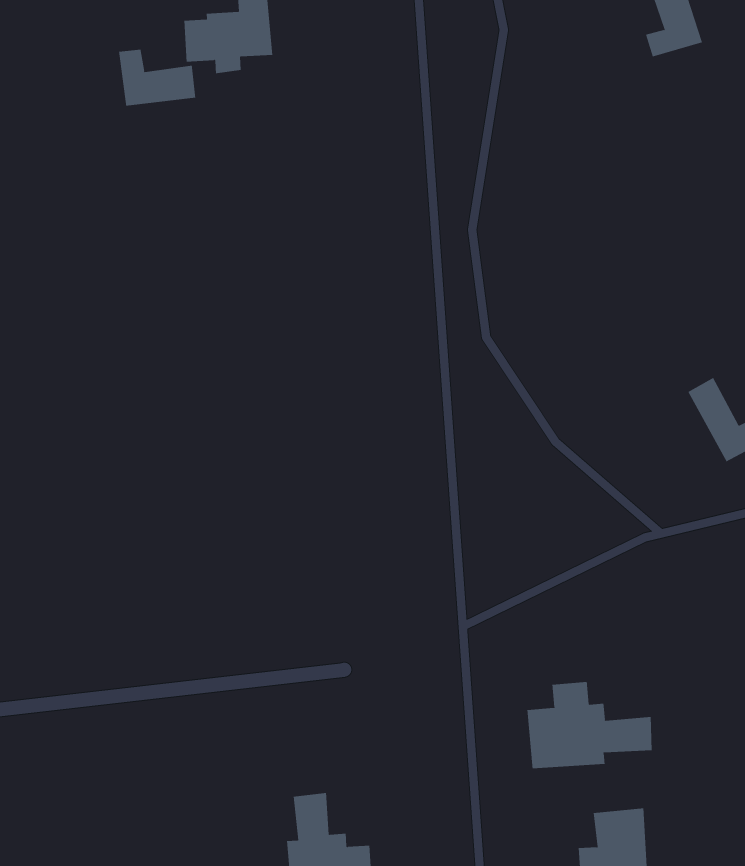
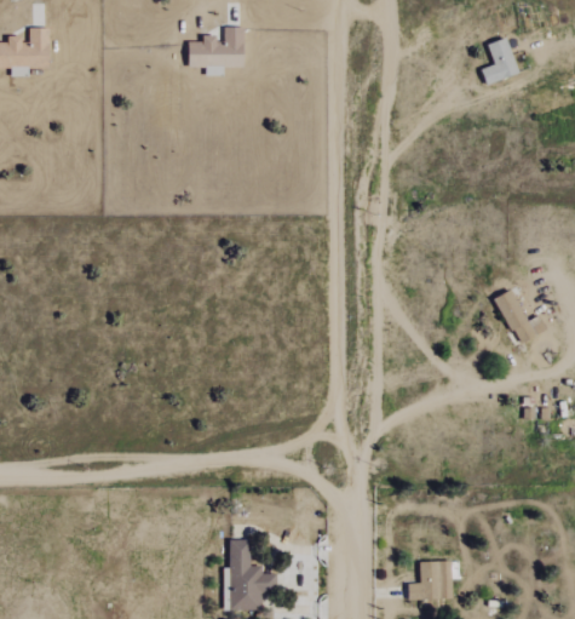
building: [118,49,196,107] -> none
building: [527,681,652,769] -> none

